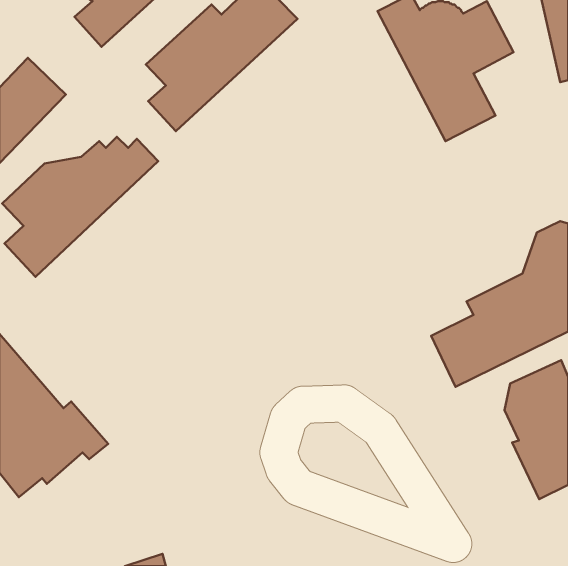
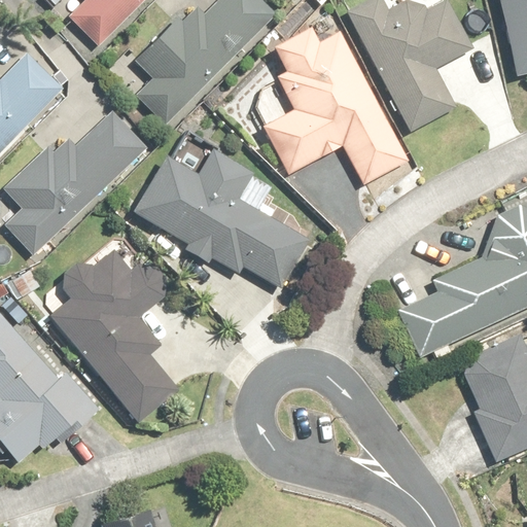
building: none -> [264,29,408,182]
building: none -> [135,149,304,284]
building: none -> [49,252,179,423]

